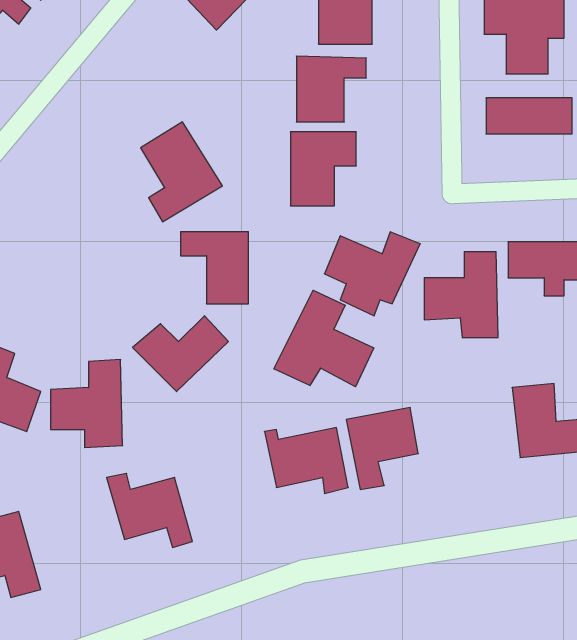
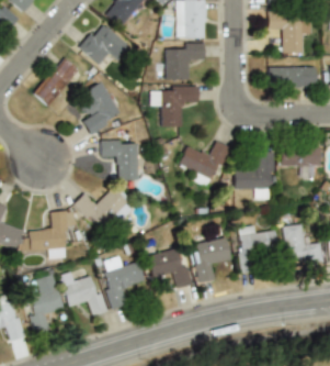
building: none -> [78,21,128,67]
building: none -> [32,56,81,108]
building: [274,290,374,387] -> none
building: none -> [237,226,278,273]
building: none -> [102,258,147,308]
building: none -> [26,276,65,333]

